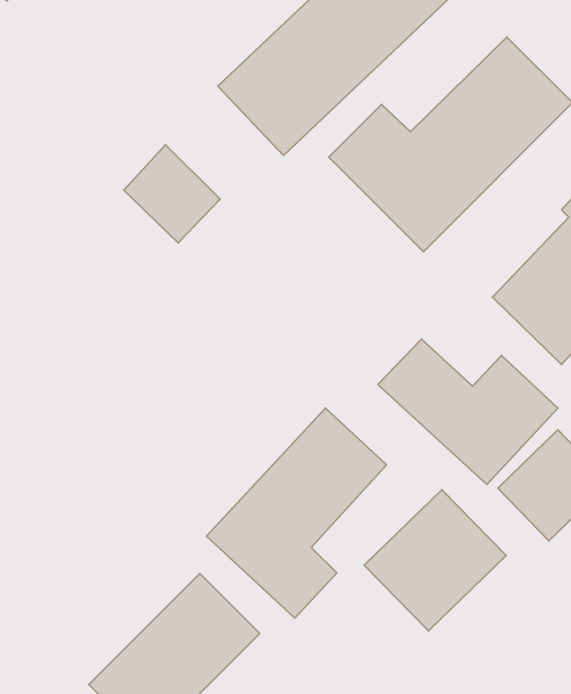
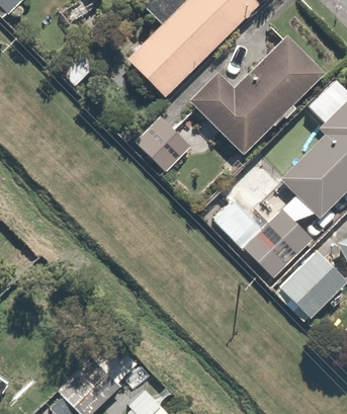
building: [124,145,220,243] -> [133,116,186,171]
building: [207,408,386,618] -> none
building: [364,490,506,631] -> none

